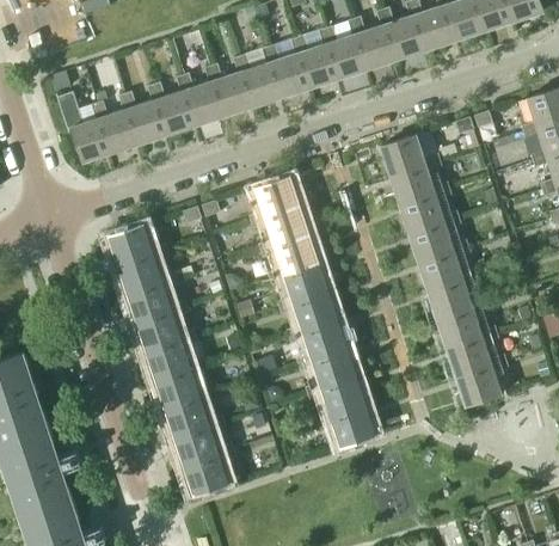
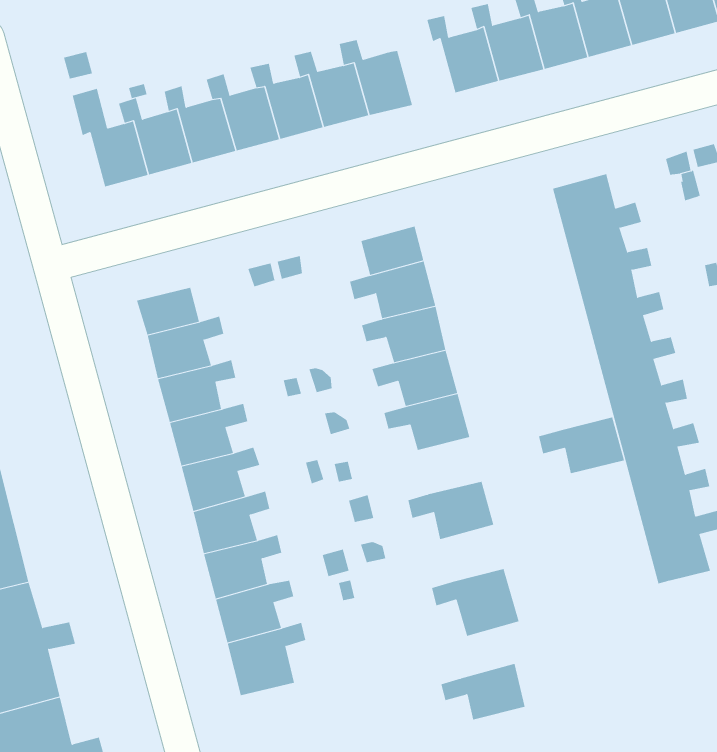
building: [263,45,313,97] -> none
building: [287,315,345,355] -> [538,417,625,474]
building: [306,373,363,412] -> [440,663,525,720]

